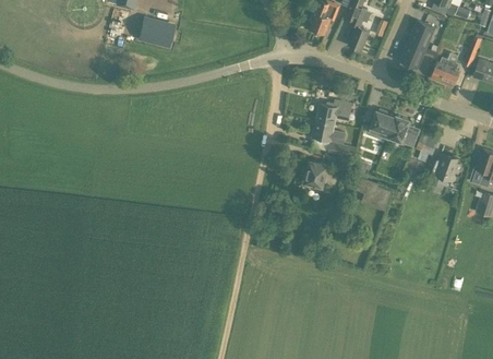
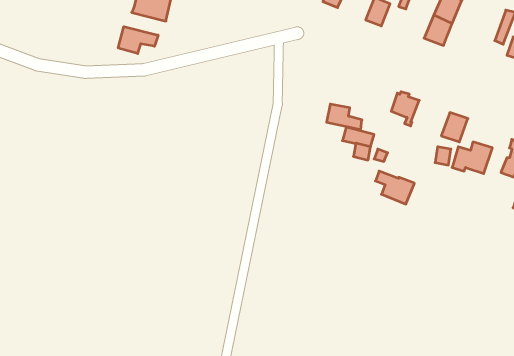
building: none -> [118,27,158,54]
building: [430,52,460,87] -> none
building: [316,100,351,123] -> none
building: [388,115,418,146] -> none
building: [304,160,340,188] -> none

